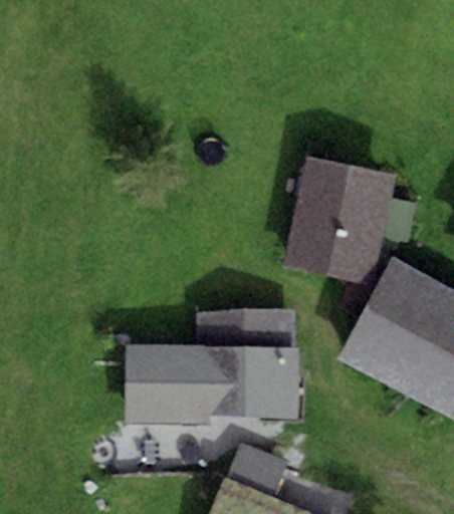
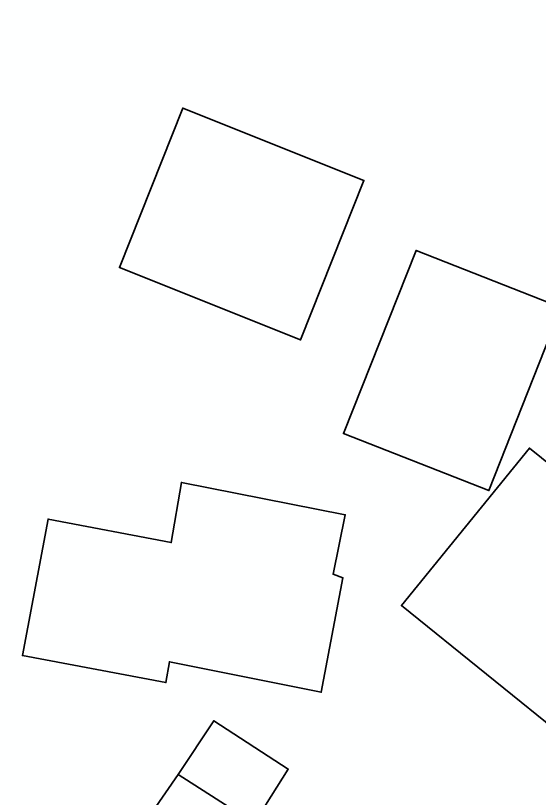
building: none -> [120,108,364,340]

